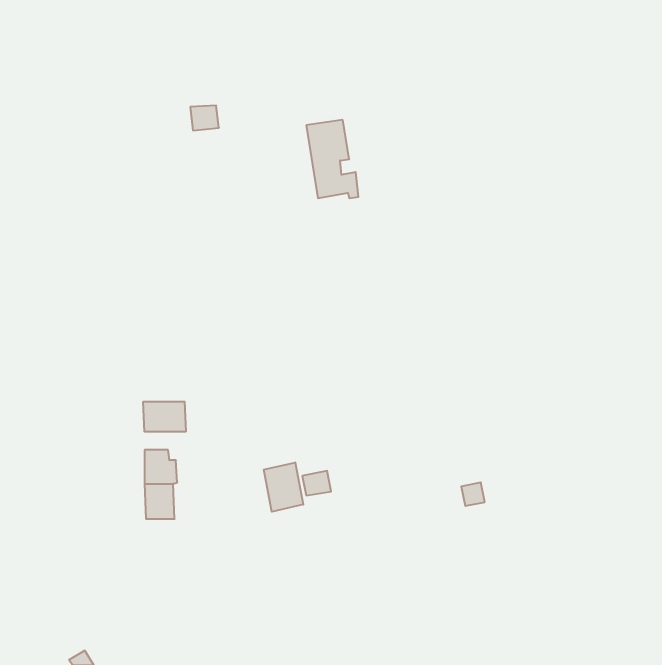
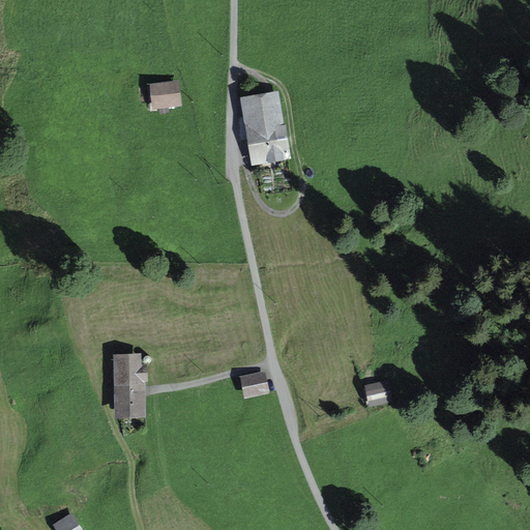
building: [143,402,186,432] -> none
building: [264,462,303,512] -> none

